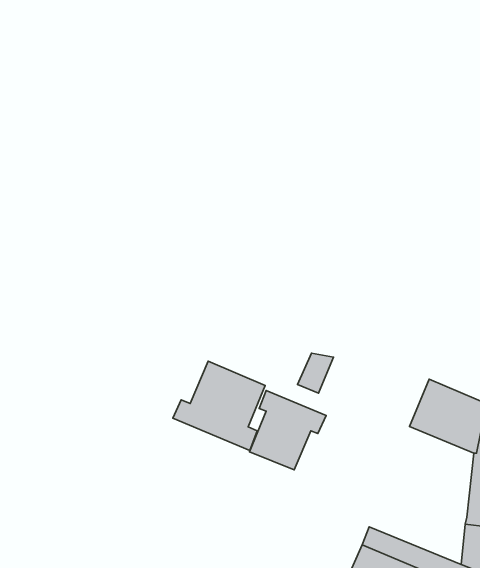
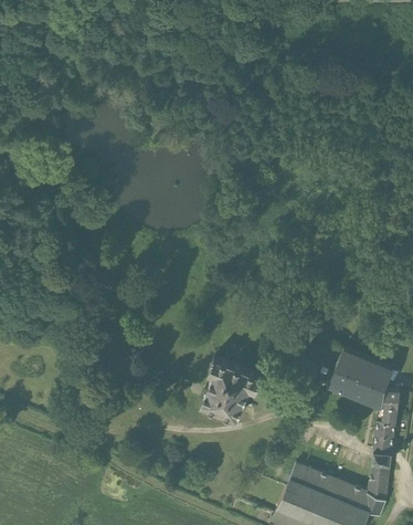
building: [298,353,334,393] -> none
building: [173,361,265,451] -> none

